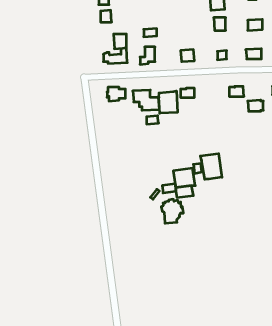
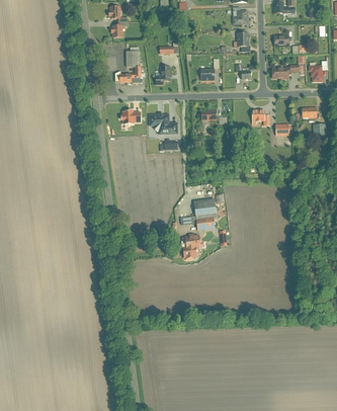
building: [159,91,177,113] -> none
building: [200,154,222,179] -> none

